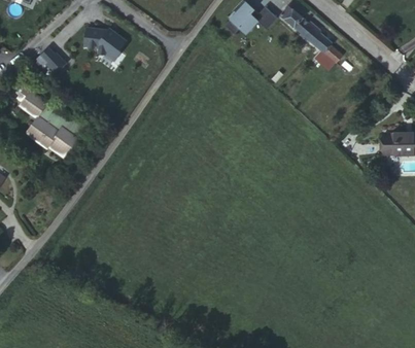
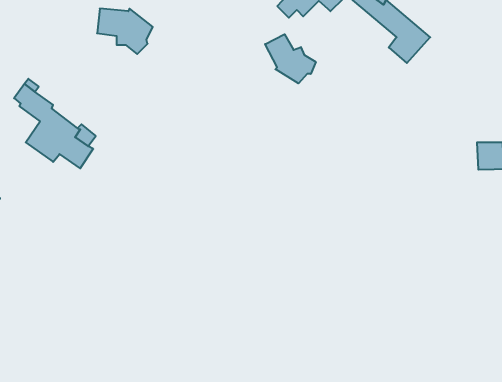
building: none -> [265,34,316,83]
building: [31,48,65,77] -> none

